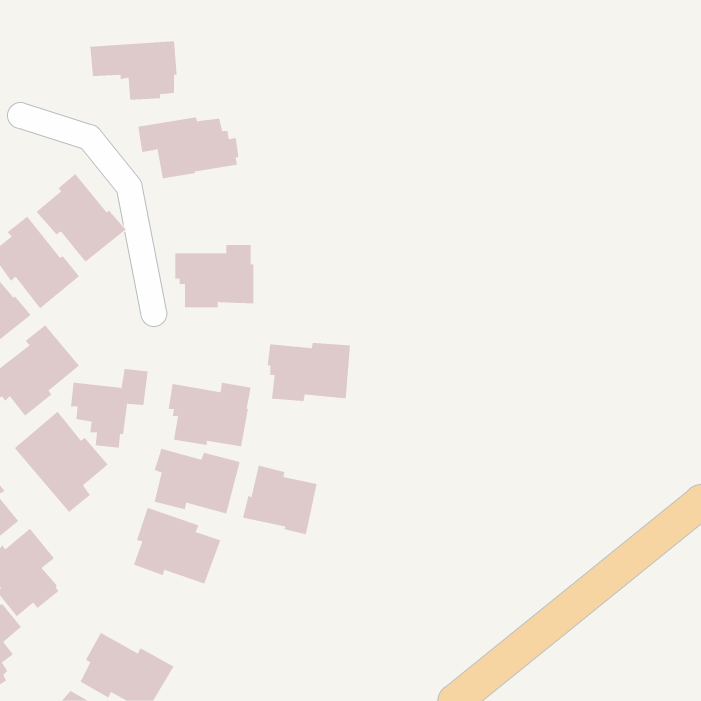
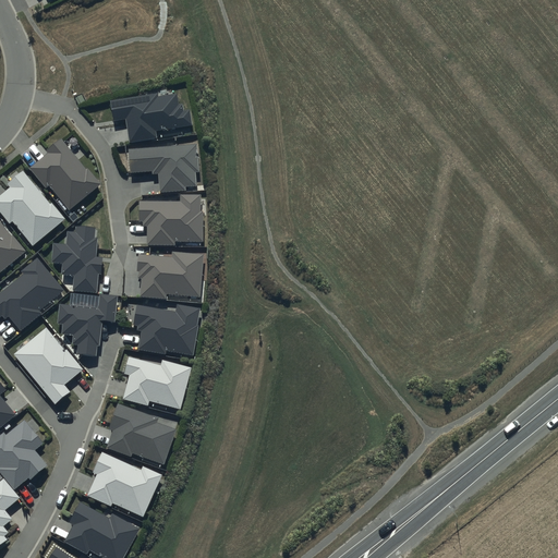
building: [89,41,177,100] -> [128,144,197,191]
building: none -> [51,226,101,291]
building: [267,343,351,402] -> [135,252,202,299]
building: [243,465,317,535] -> none
building: none -> [86,451,161,515]

